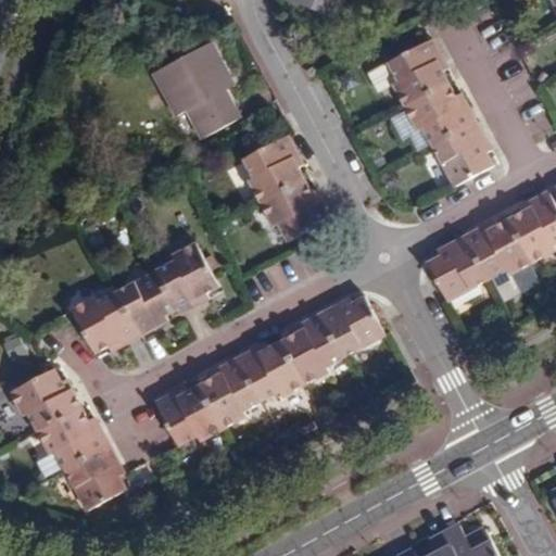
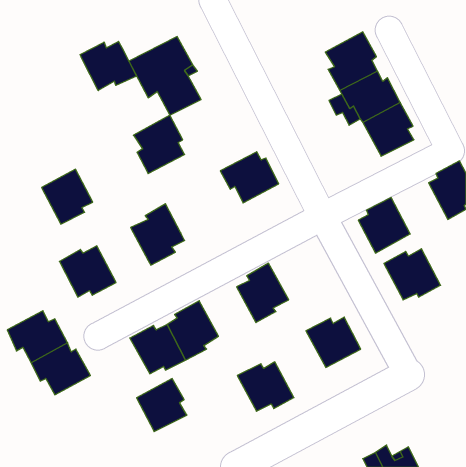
building: none -> [80,41,136,91]
building: [244,134,305,203] -> [133,115,185,174]
building: [465,217,532,278] -> [384,249,441,300]
building: [115,270,176,336] -> [42,169,93,224]
building: [319,296,384,356] -> [306,317,361,367]
building: [237,341,304,400] -> [237,362,294,411]
building: [65,446,125,509] -> [137,379,187,432]

